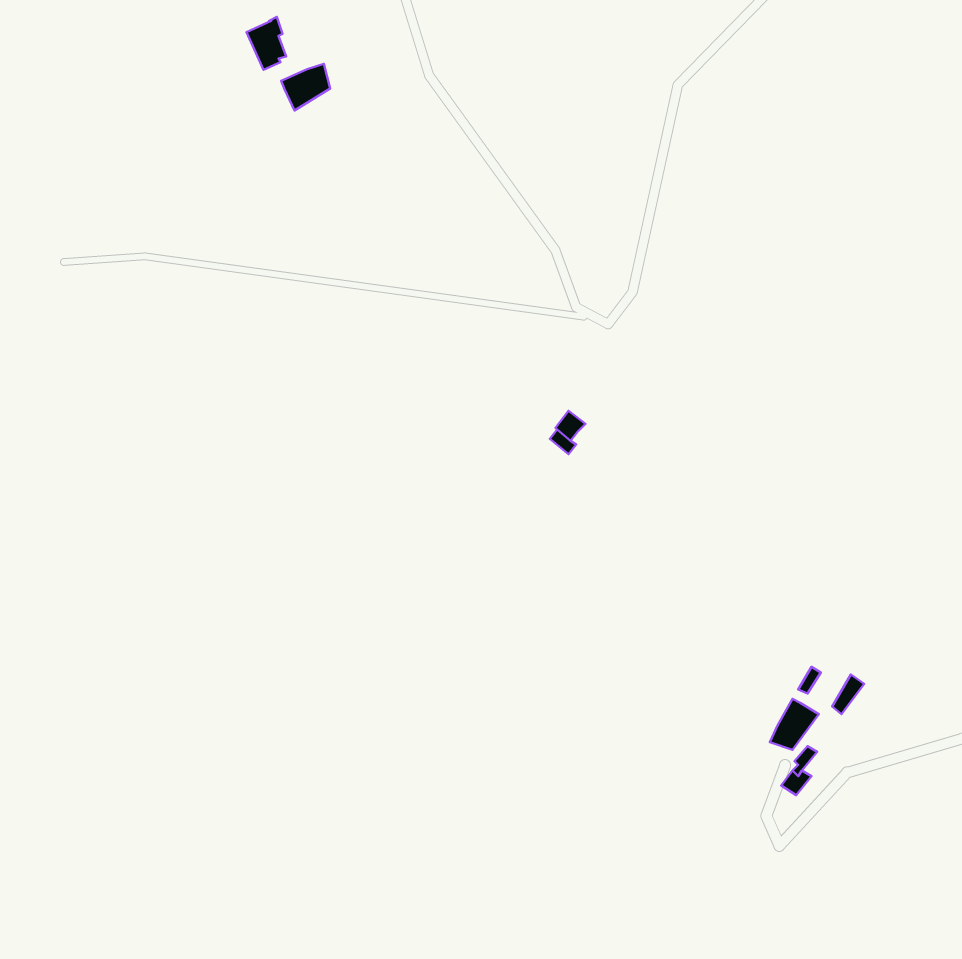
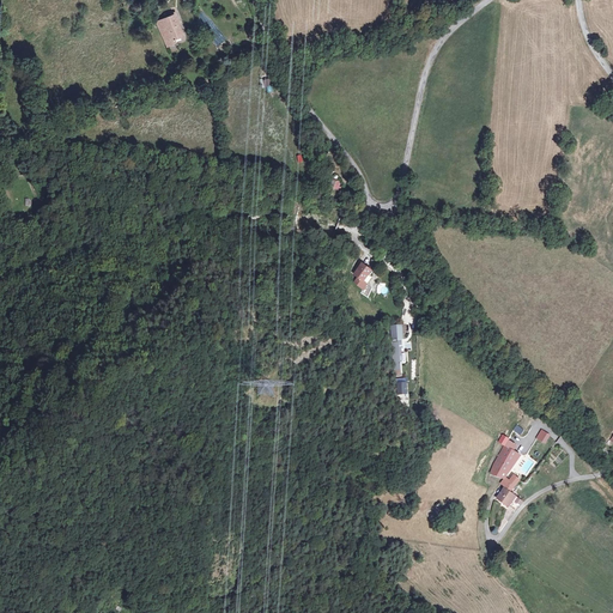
building: [281,64,330,110] -> none

